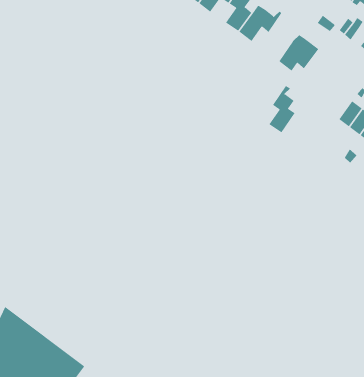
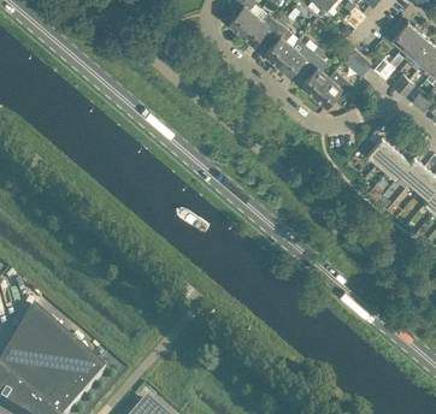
building: [269,85,295,133] -> [300,47,326,93]

